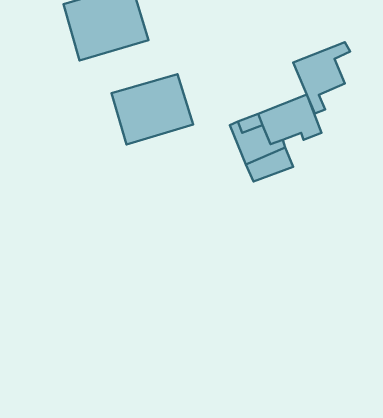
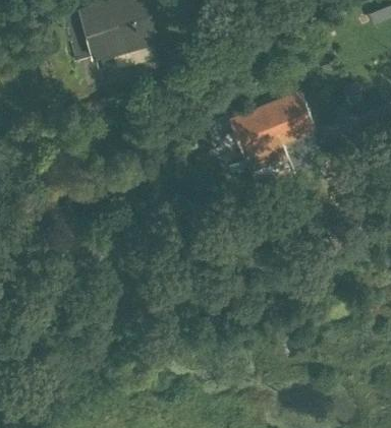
building: [293,42,350,114] -> none
building: [112,74,193,144] -> none

